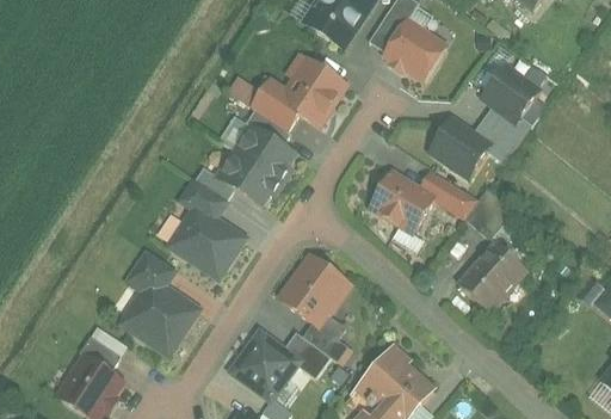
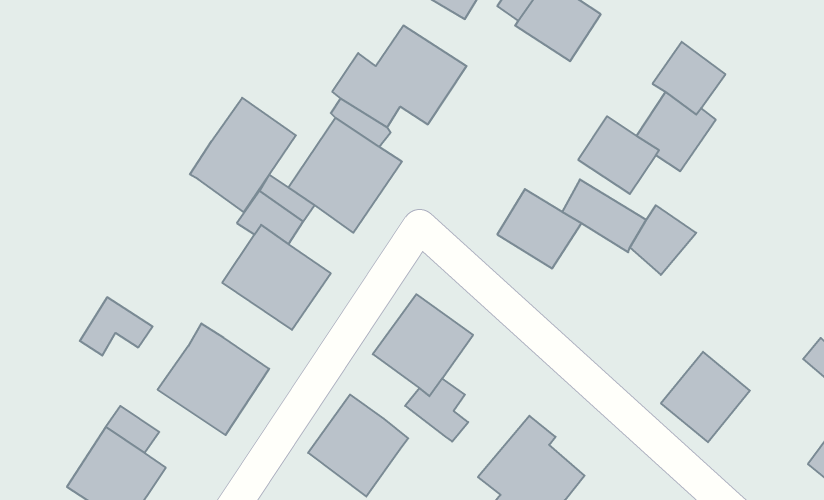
building: none -> [190,98,296,212]
building: [457,245,523,312] -> [661,352,750,442]
building: [124,248,178,291] -> [80,297,153,356]
building: [285,331,331,378] -> none

